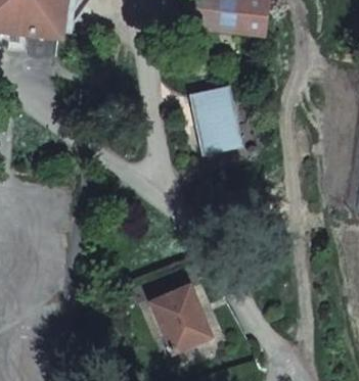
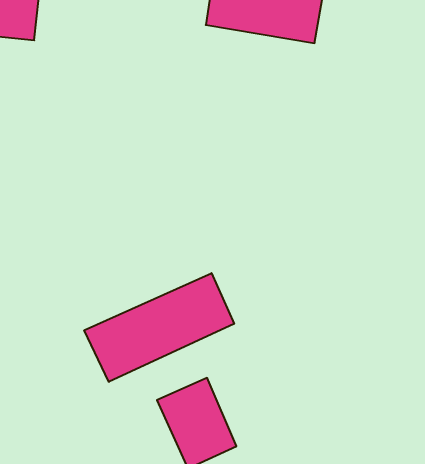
building: [192,85,242,153] -> none
building: none -> [84,273,234,382]

